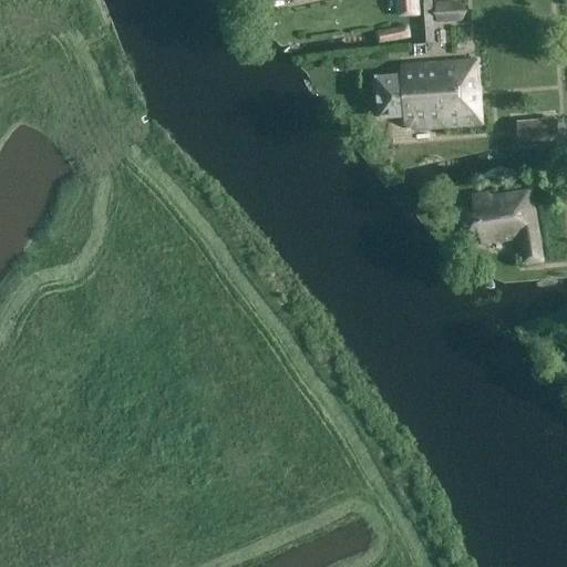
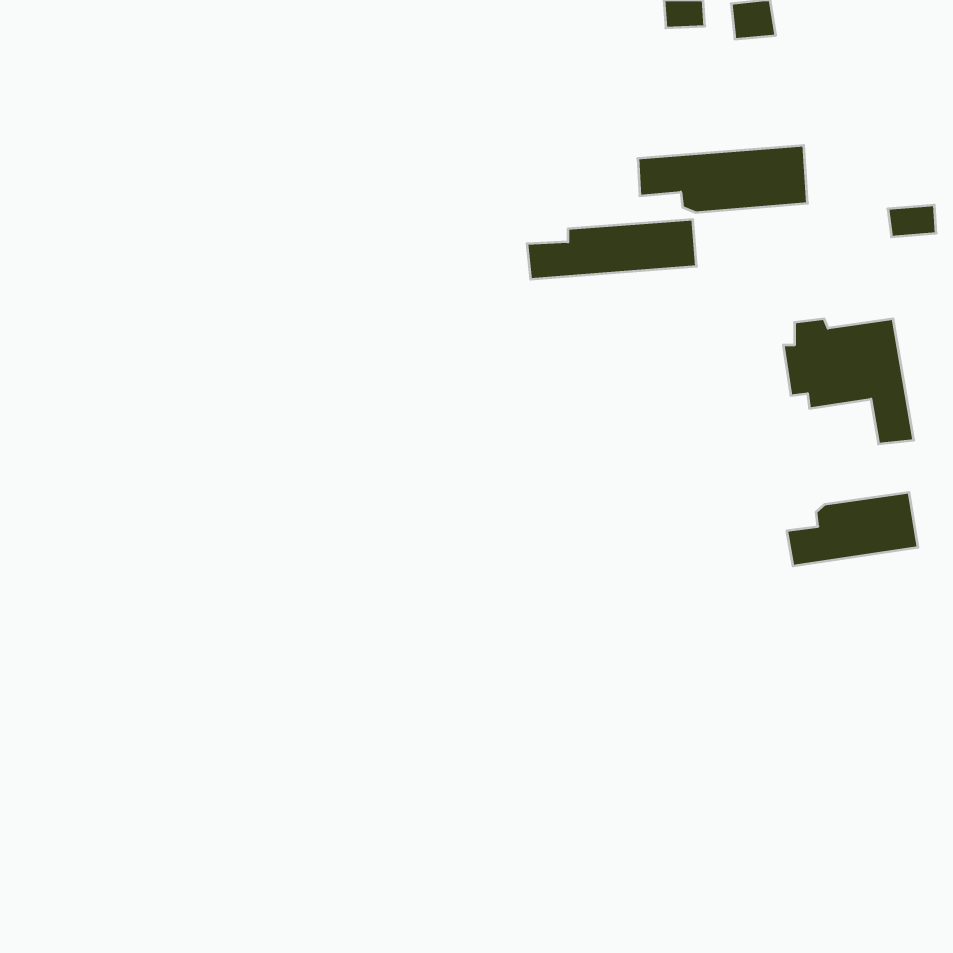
building: [377,59,477,94] -> [527,220,697,279]
building: none -> [787,492,918,566]

